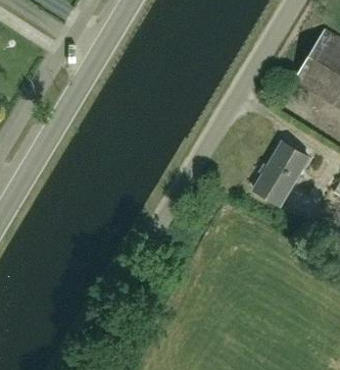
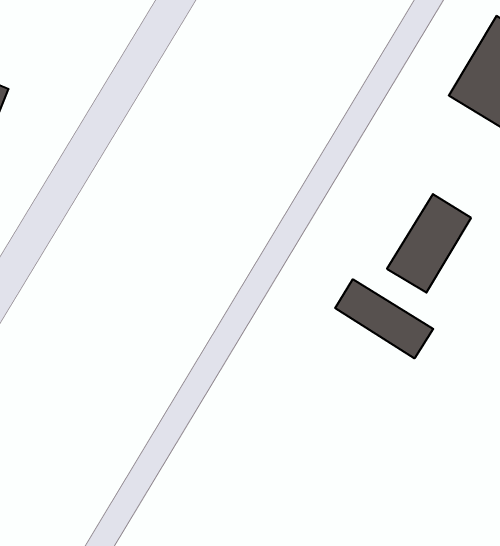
building: none -> [335,279,433,358]

